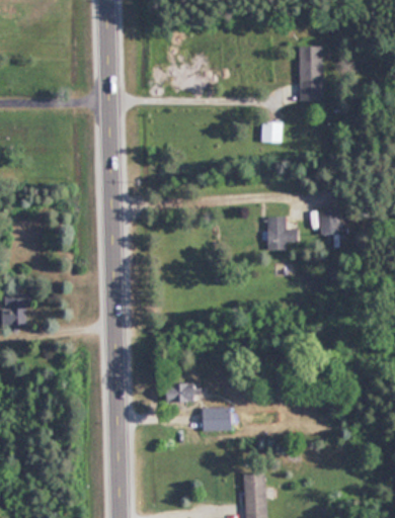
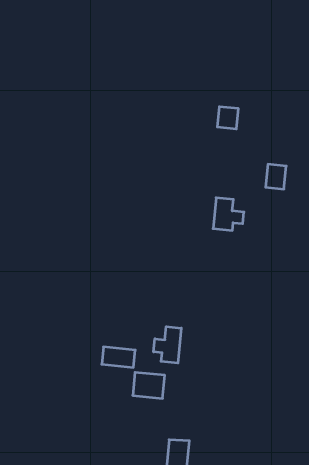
building: [300,47,322,100] -> none
building: [320,210,339,235] -> [266,164,286,189]
building: none -> [154,327,181,363]

